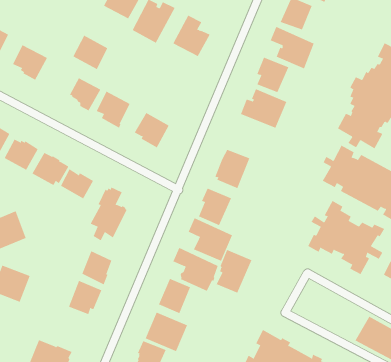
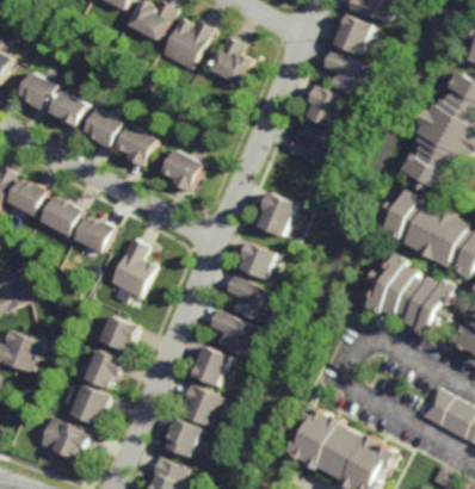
building: [73,35,108,70] -> [50,91,92,131]
building: [216,249,252,294] -> none
building: none -> [68,382,107,423]

